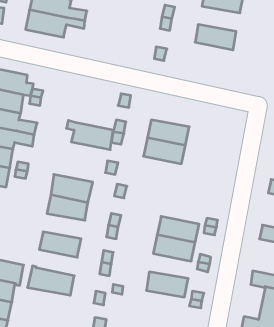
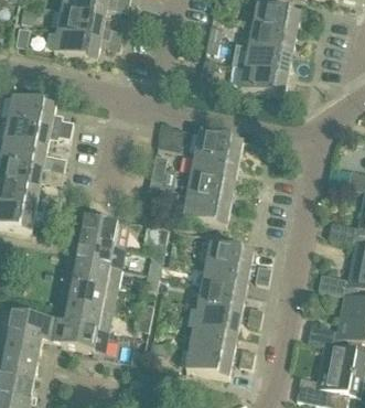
building: none -> [248,23,296,52]
building: none -> [240,64,288,95]
building: none -> [195,130,243,160]
building: [66,120,113,150] -> [176,191,229,224]
building: none -> [206,237,254,270]
building: none -> [73,258,120,287]
building: none -> [65,299,111,329]
building: none -> [193,303,240,332]
building: none -> [185,345,233,375]

